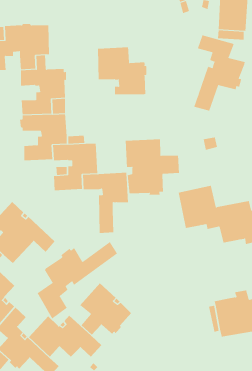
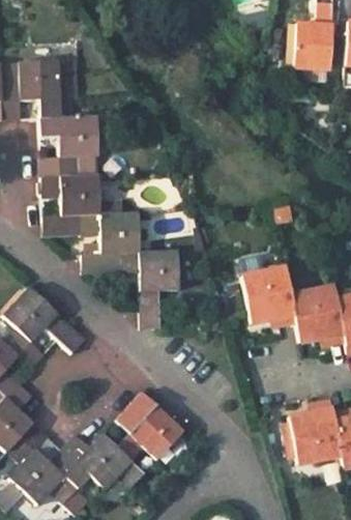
building: [194,34,245,111] -> none
building: [97,47,147,95] -> none
building: [125,139,180,196] -> none
building: [37,241,118,319] -> none

